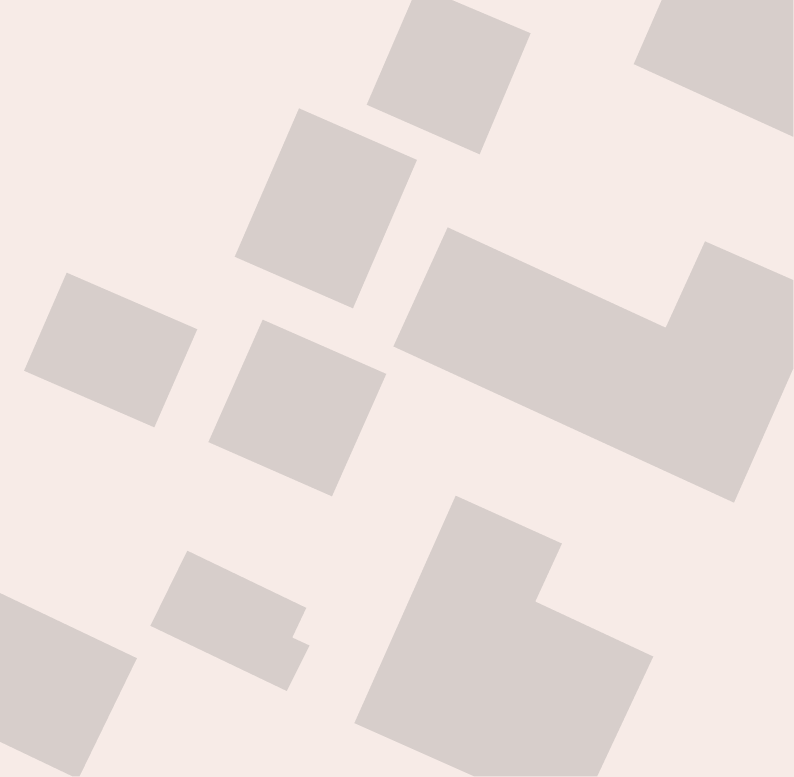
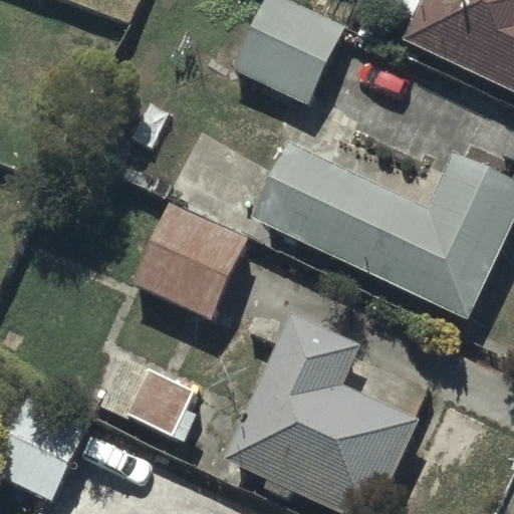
building: [234,107,418,309] -> none
building: [23,272,198,429] -> none

